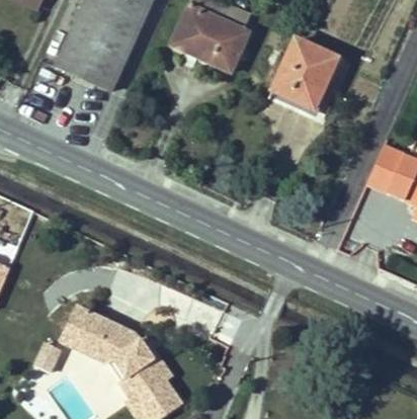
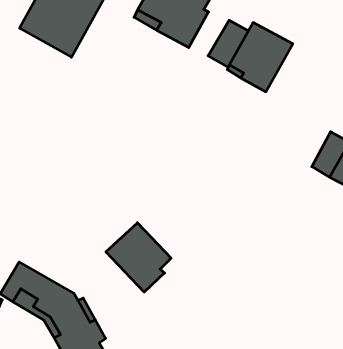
building: none -> [208,20,248,67]
building: none -> [106,223,171,292]

